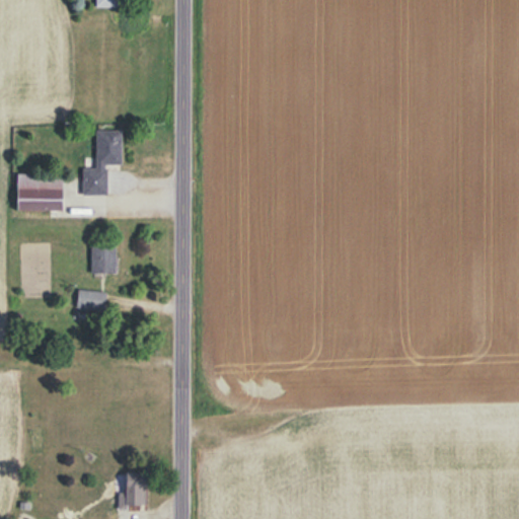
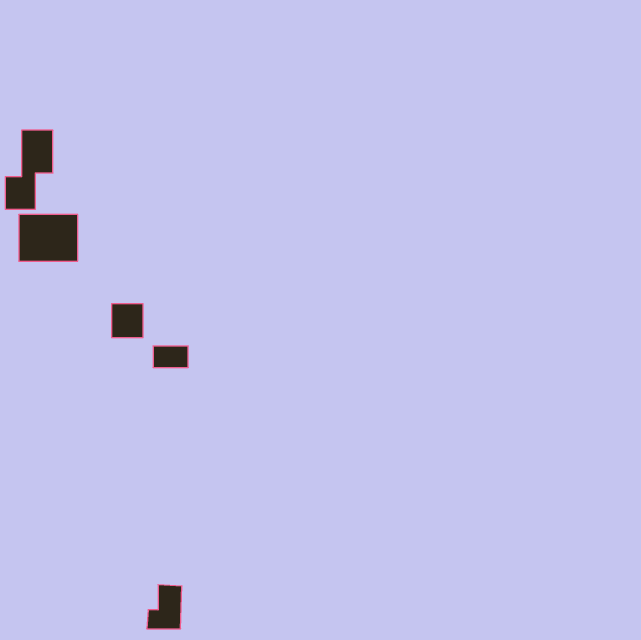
building: [83,131,122,195] -> [5,130,53,209]
building: [76,292,104,309] -> [153,346,188,367]

